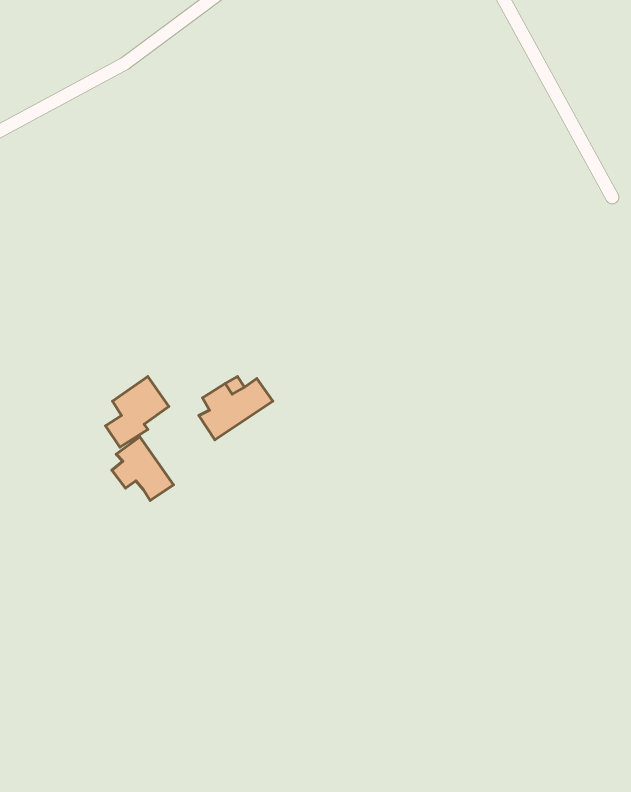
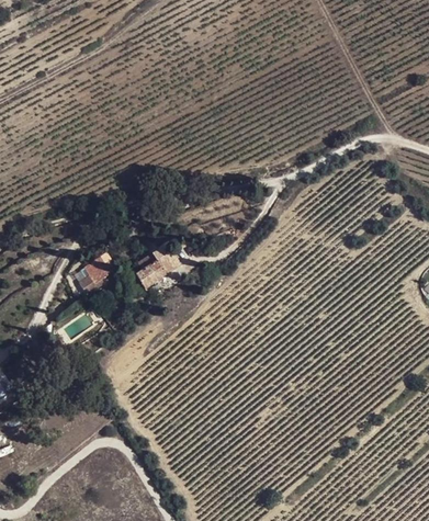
building: [112,437,173,500] -> none

